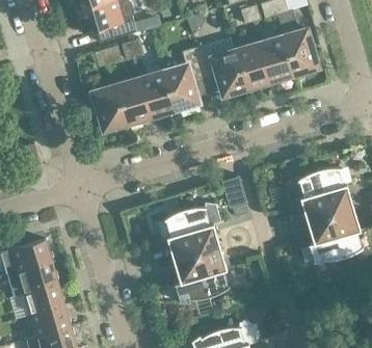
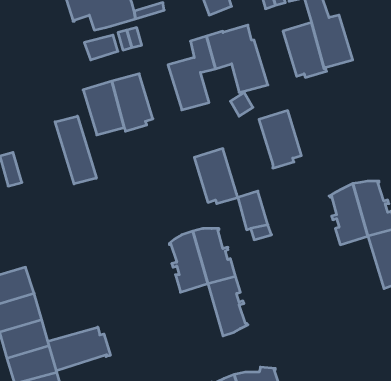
building: [235,43,270,90] -> [259,111,301,168]
building: [139,71,176,116] -> [194,149,238,204]
building: none -> [55,116,96,184]
building: [307,213,343,263] -> none
building: [169,252,209,302] -> none
building: none -> [48,327,110,371]

